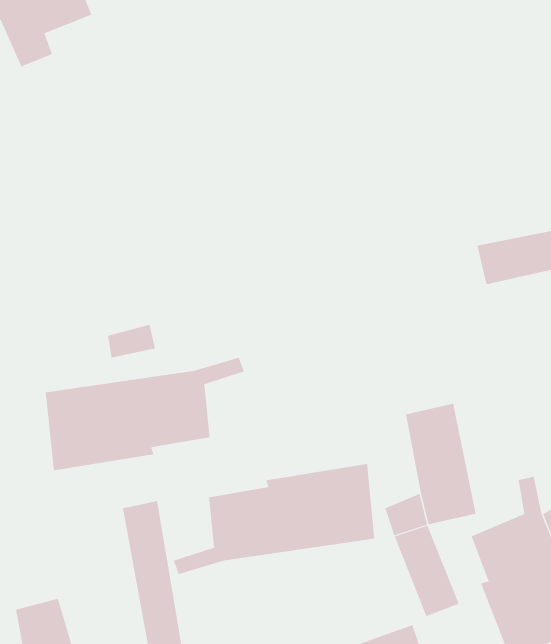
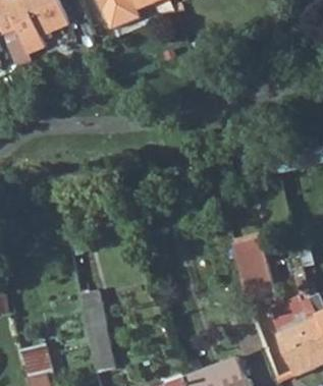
building: [45,357,245,471] -> none
building: [173,463,375,575] -> none

